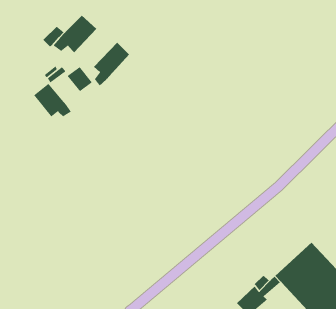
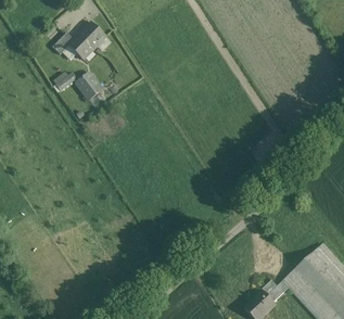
building: [93,42,130,87] -> none
building: [33,83,72,118] -> none

